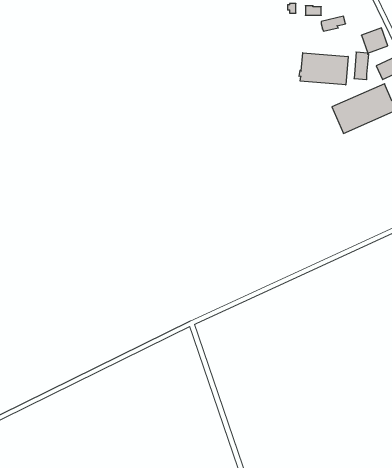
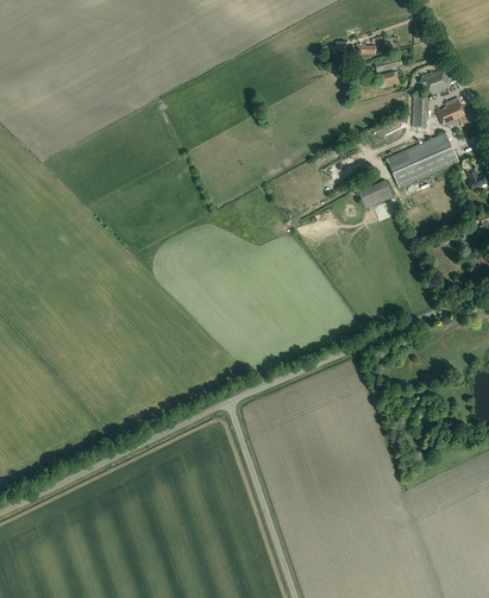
building: [299,53,348,85] -> none
building: none -> [358,180,394,209]

